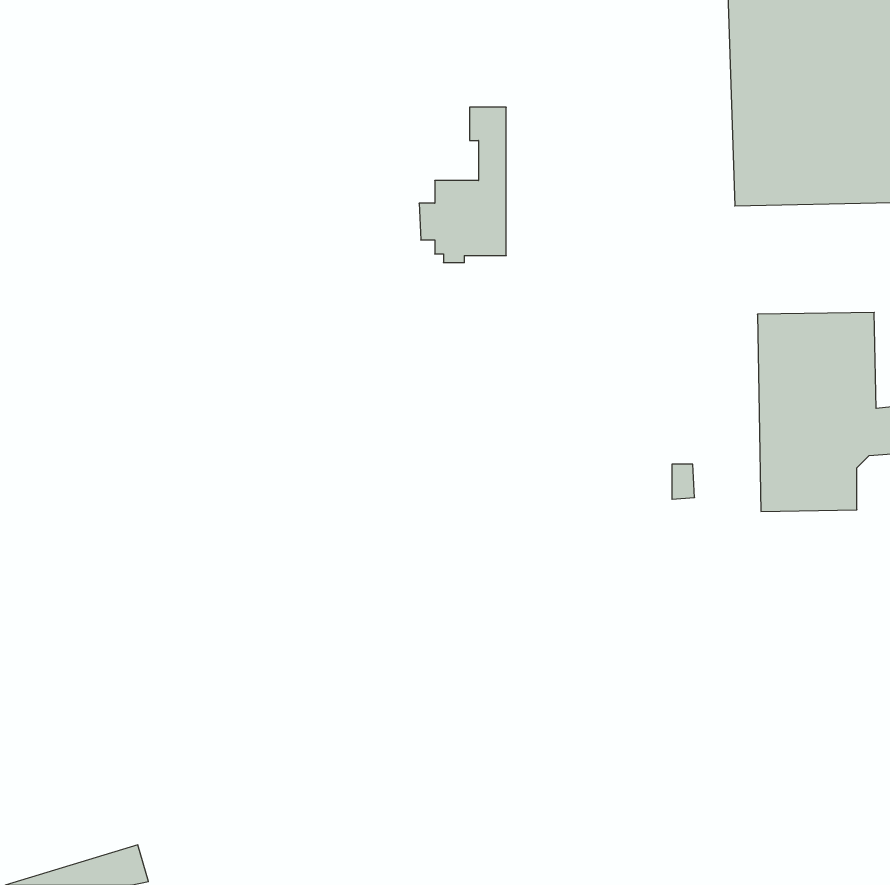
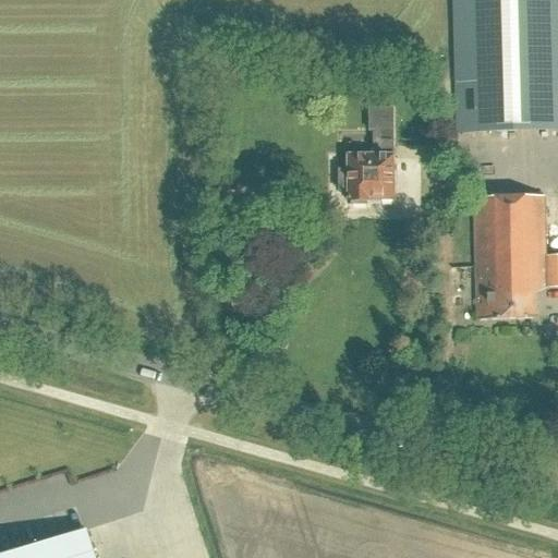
building: [419,107,506,263] -> [337,106,391,203]

